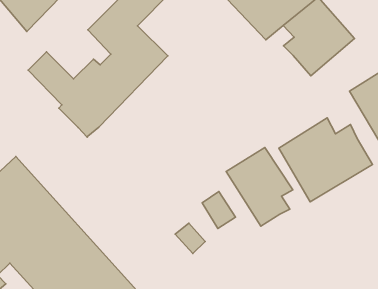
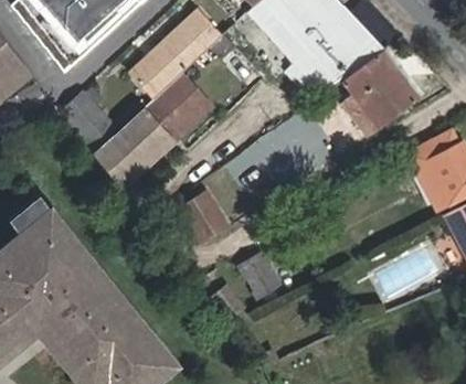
building: [279,118,372,202] -> none
building: none -> [183,193,225,238]
building: [226,147,293,226] -> none

